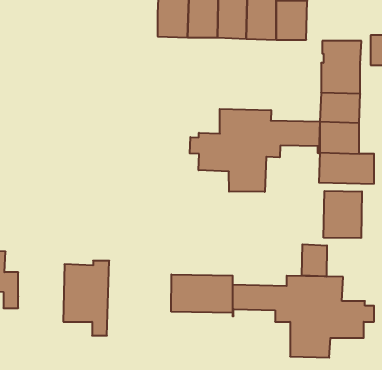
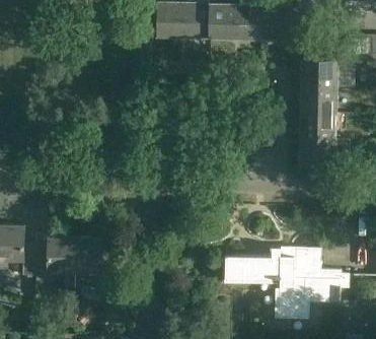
building: [190,109,320,192] -> none
building: [324,191,362,238] -> none
building: [302,244,327,277] -> none
building: none -> [35,233,76,288]
building: [171,274,233,313] -> none

